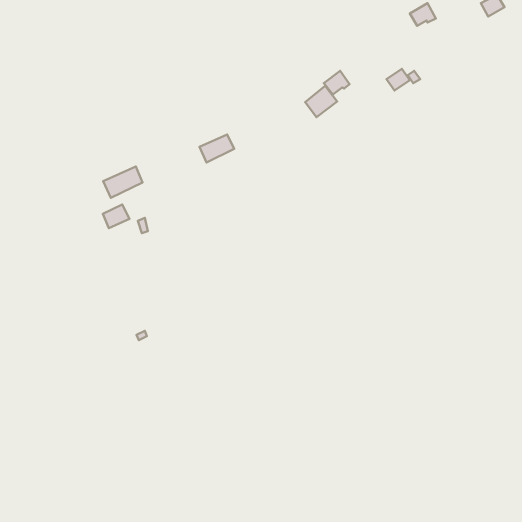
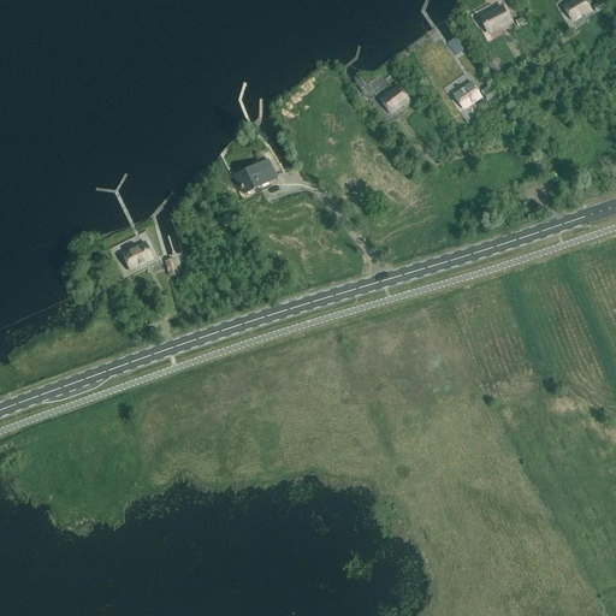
building: [305,86,337,117] -> none
building: [103,167,143,198] -> none

